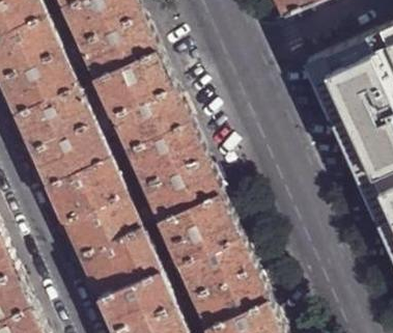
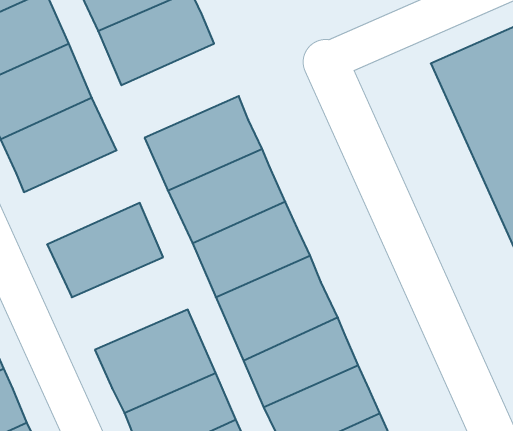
building: [95,51,174,114] -> none
building: [30,122,108,186] -> none
building: [62,194,140,256] -> none

